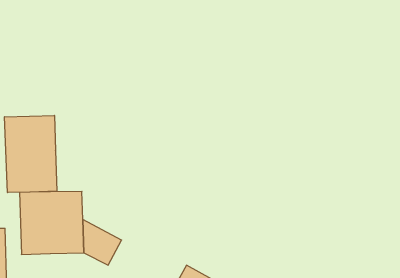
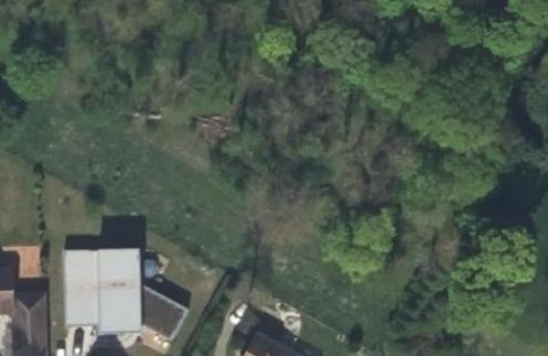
building: [5,115,57,193] -> none

